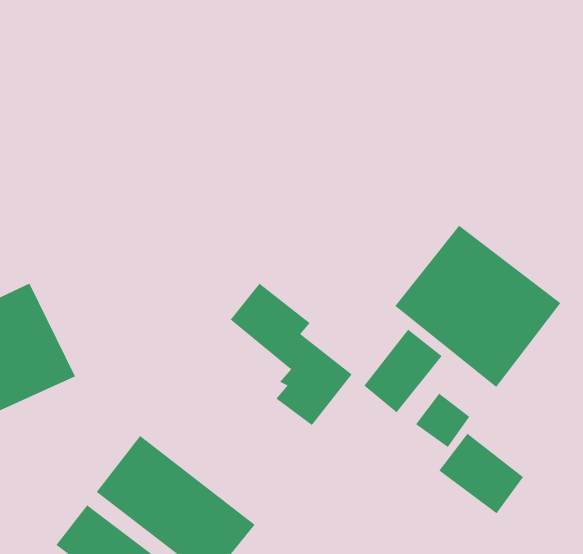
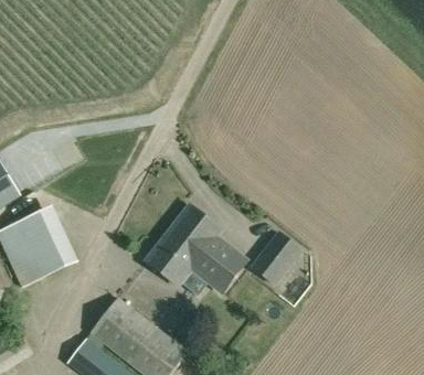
building: [395,225,561,388] -> none
building: none -> [145,227,208,286]
building: [438,433,524,514] -> none

